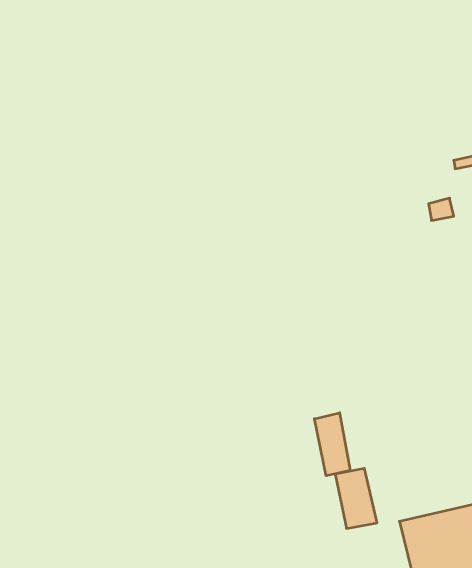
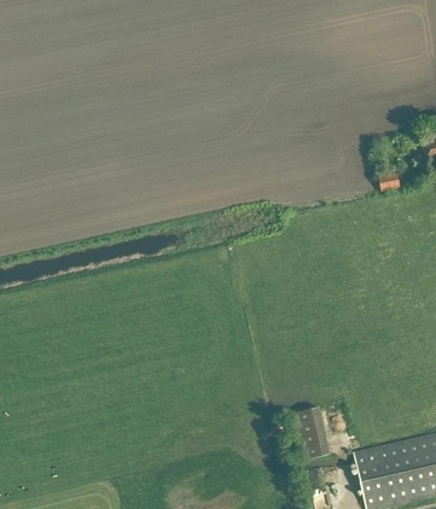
building: [314,413,350,476] -> none

